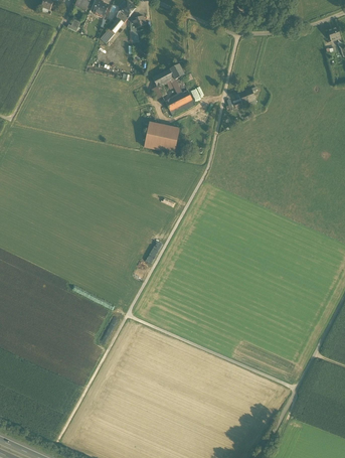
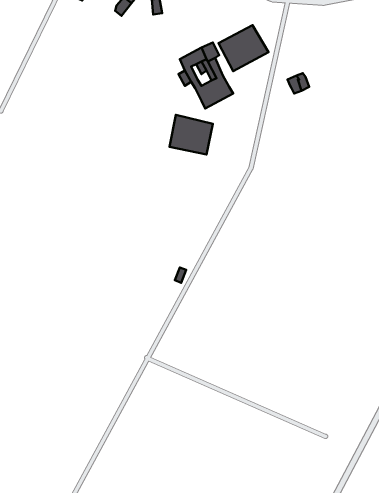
building: none -> [218,25,269,71]

